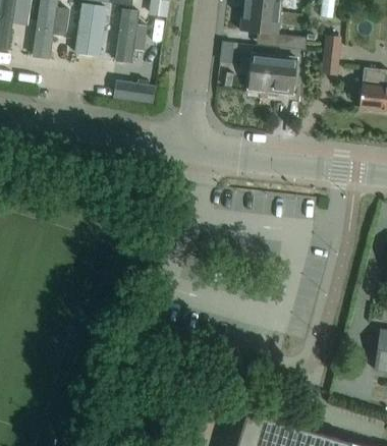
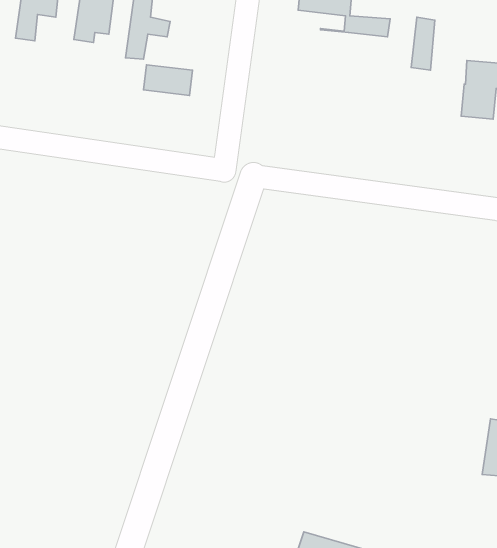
building: [248,53,297,95] -> none

